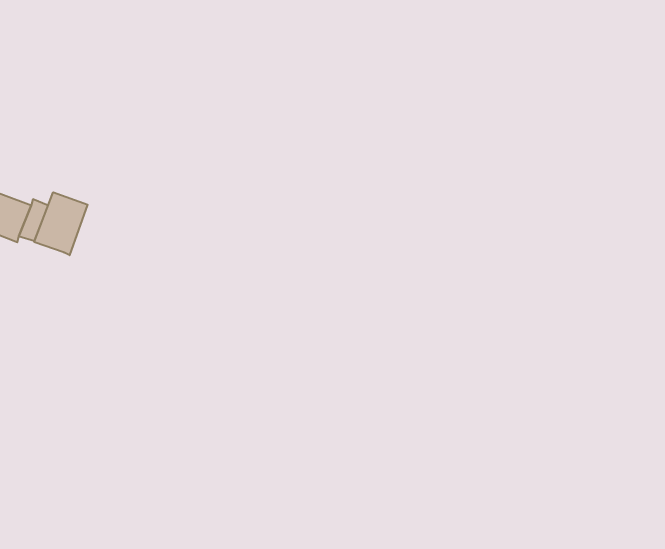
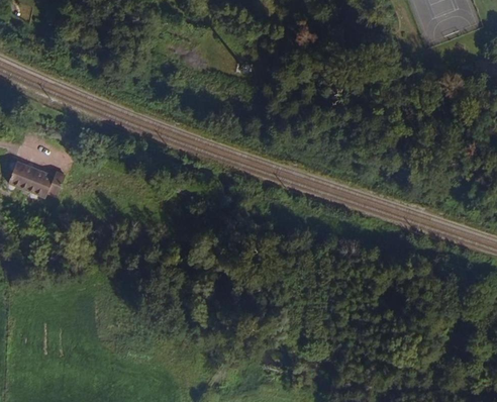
building: [34,192,88,255] -> none

